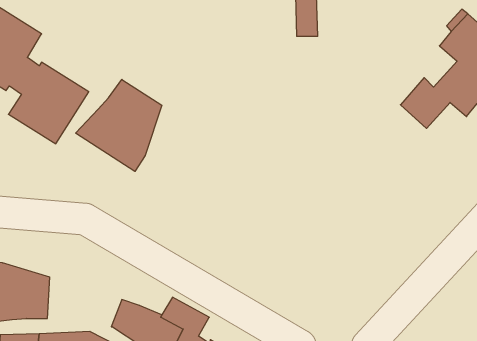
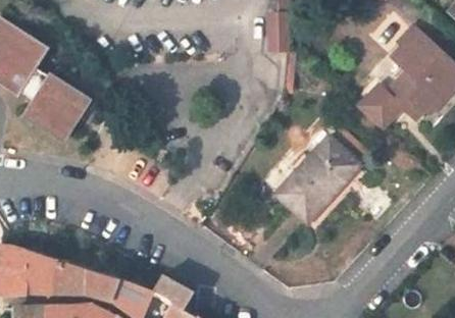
building: [76,79,162,171] -> none
building: none -> [276,127,370,223]
building: none -> [54,258,118,301]

